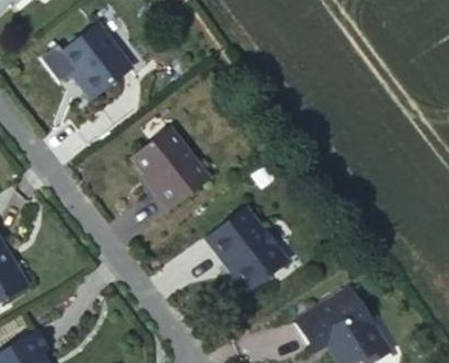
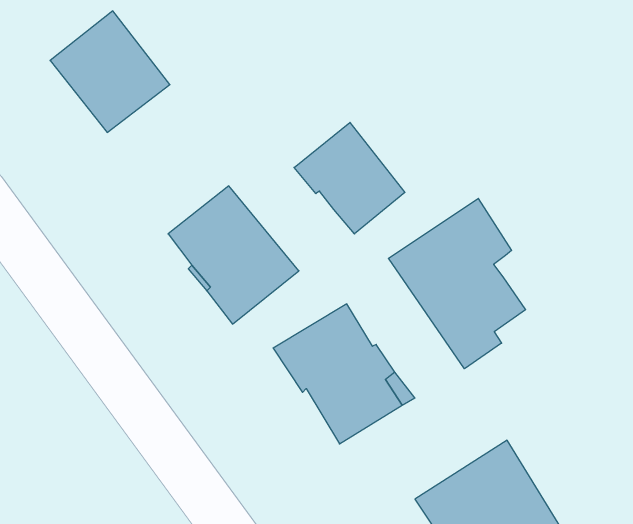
building: none -> [294,122,405,234]
building: none -> [388,198,526,369]

